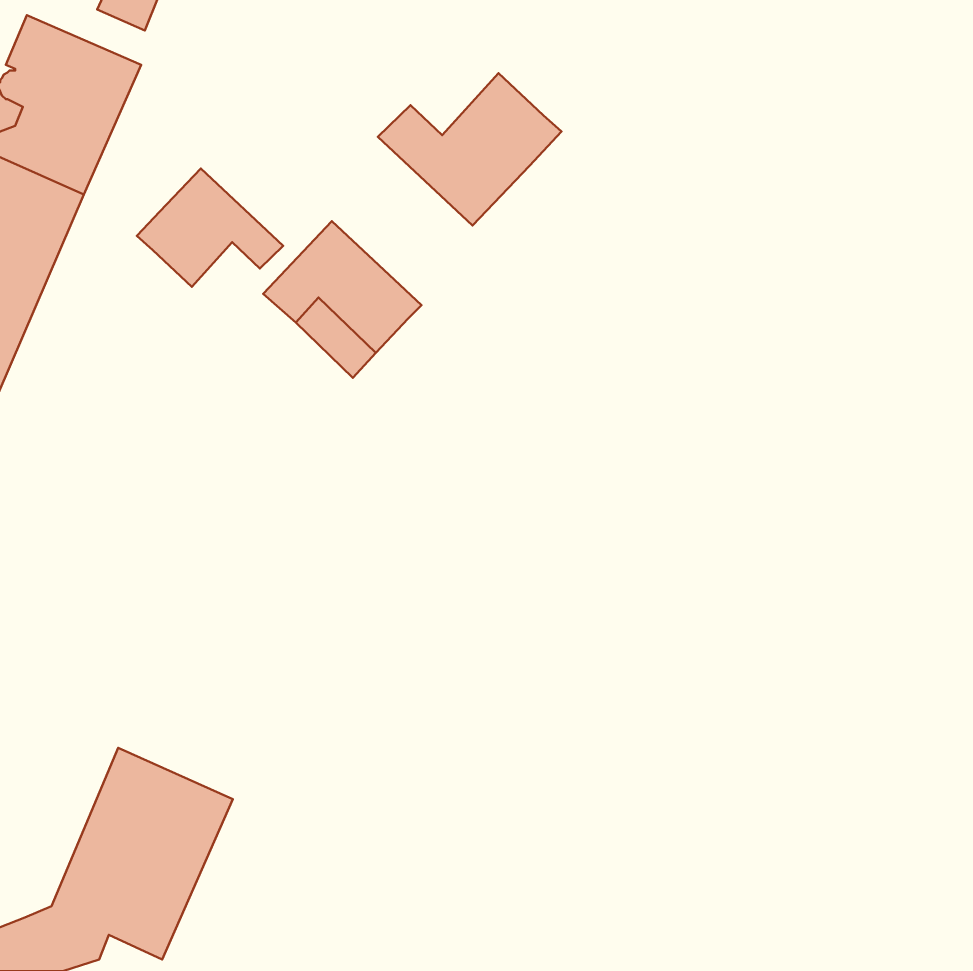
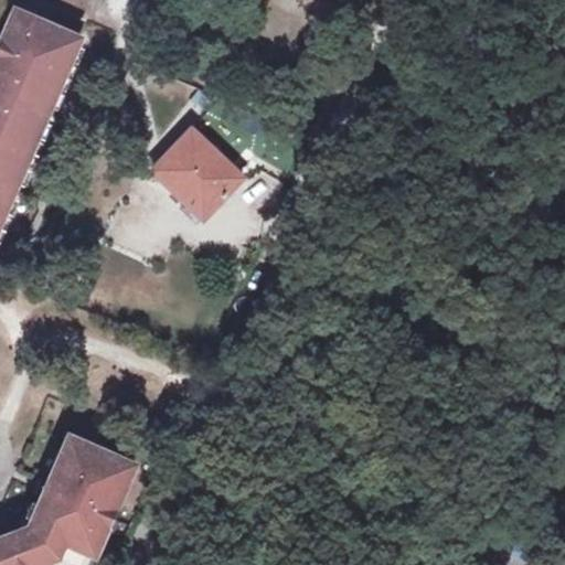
building: [378,73,562,226] -> none
building: [137,169,283,287] -> none

